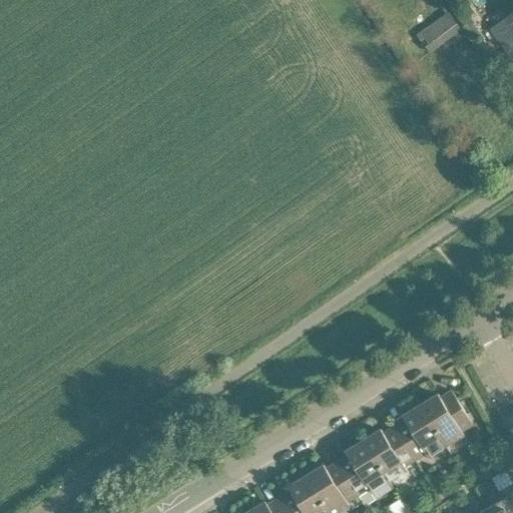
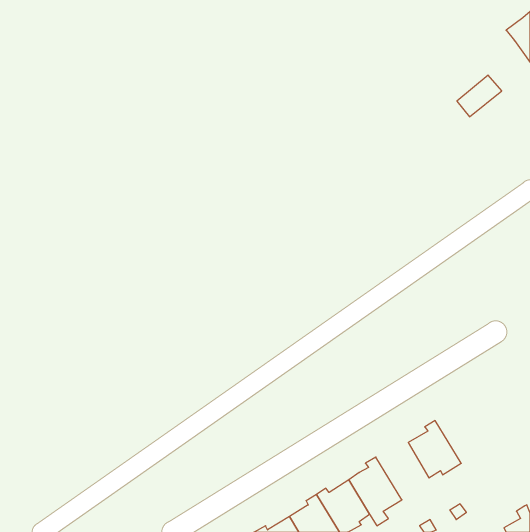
building: [416,12,459,52] -> [457,75,502,117]
building: [419,391,472,446] -> none
building: [362,426,413,481] -> none

